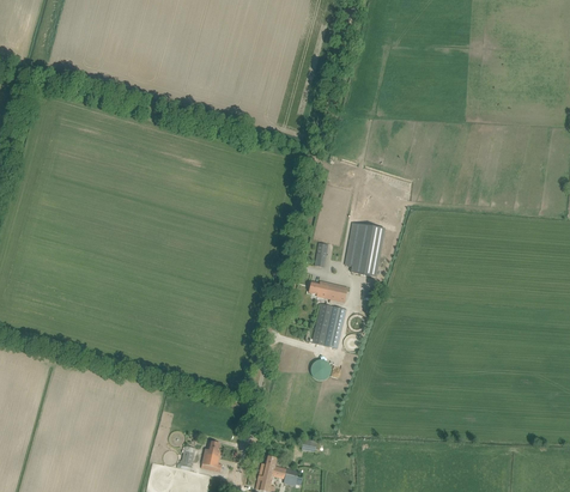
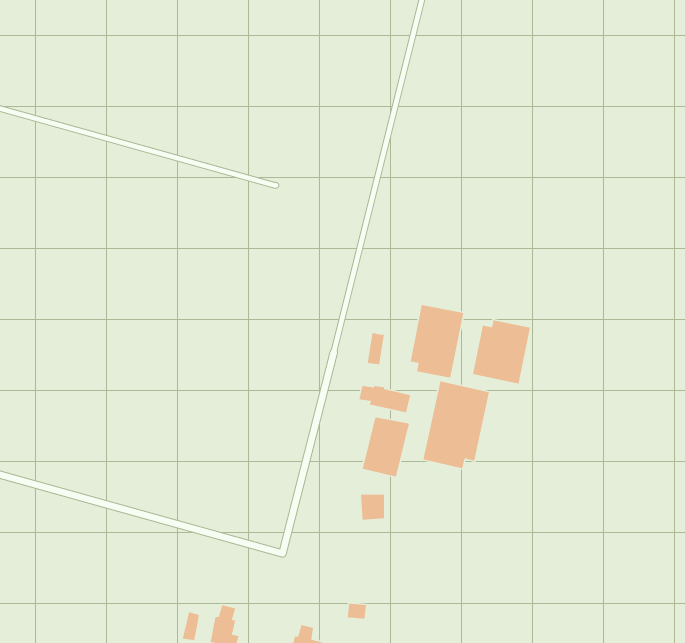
building: none -> [472,319,531,384]
building: none -> [422,381,490,469]

